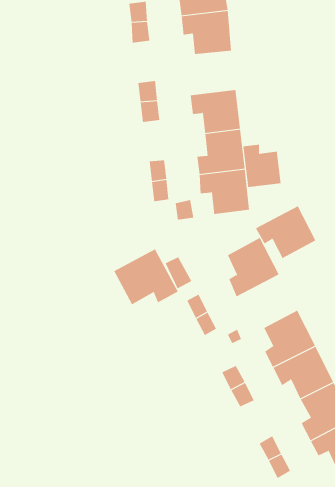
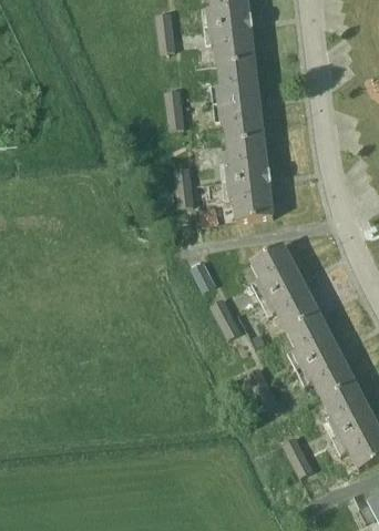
building: none -> [212,60,259,103]
building: [243,144,281,188] -> none
building: [255,205,316,259] -> [259,278,319,330]
building: [114,248,179,305] -> none

